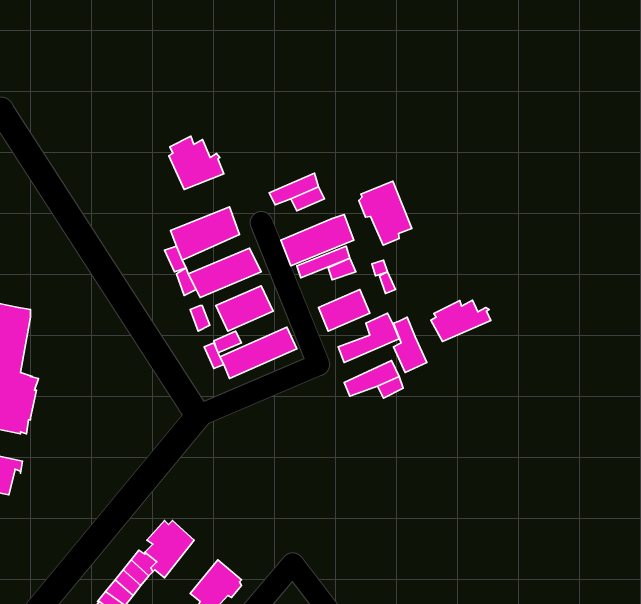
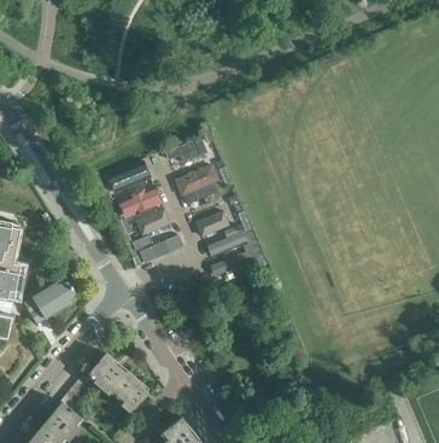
building: [169,136,224,190] -> none
building: [359,181,412,245] -> none
building: [431,300,491,342] -> none
building: none -> [24,281,75,320]
building: none -> [101,365,134,397]

